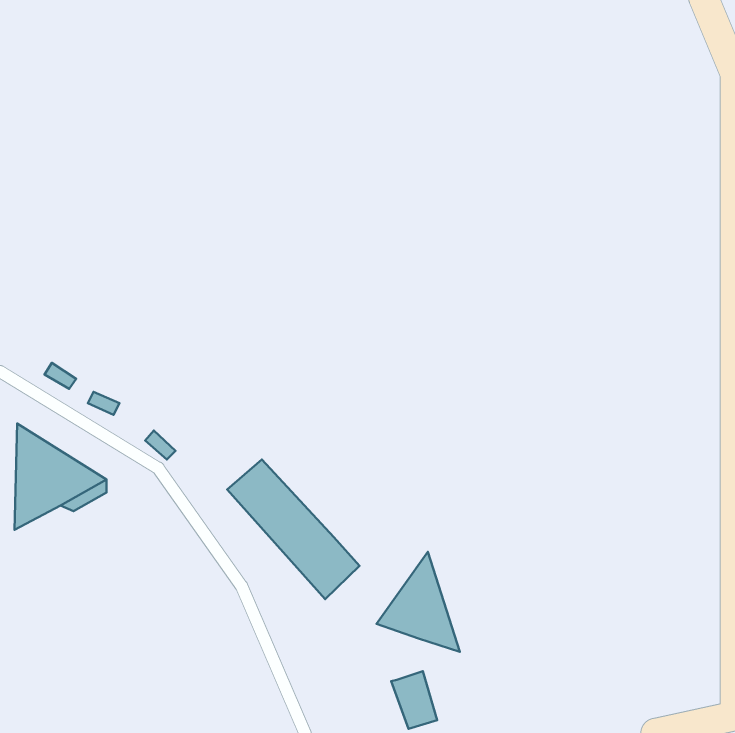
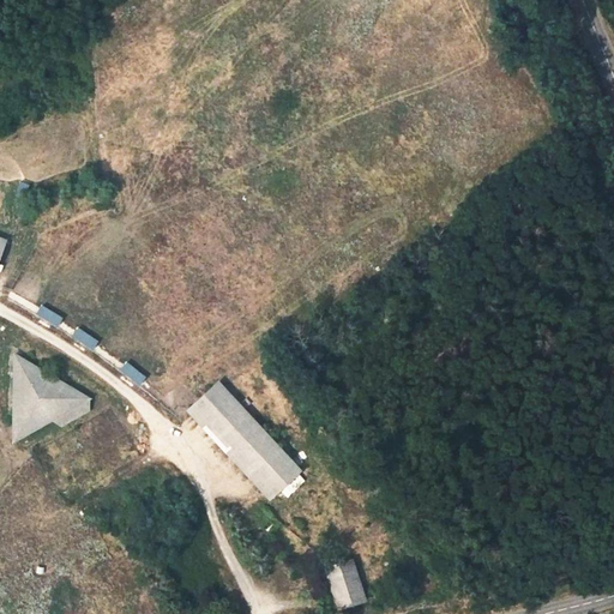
building: [377,552,460,652] -> none

